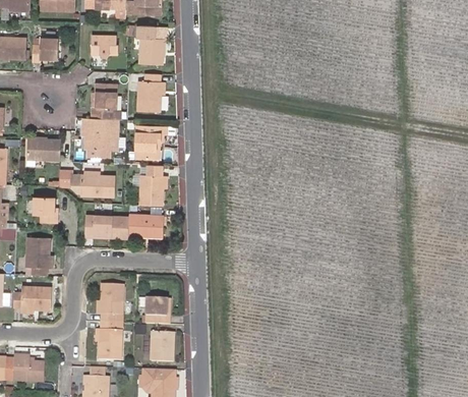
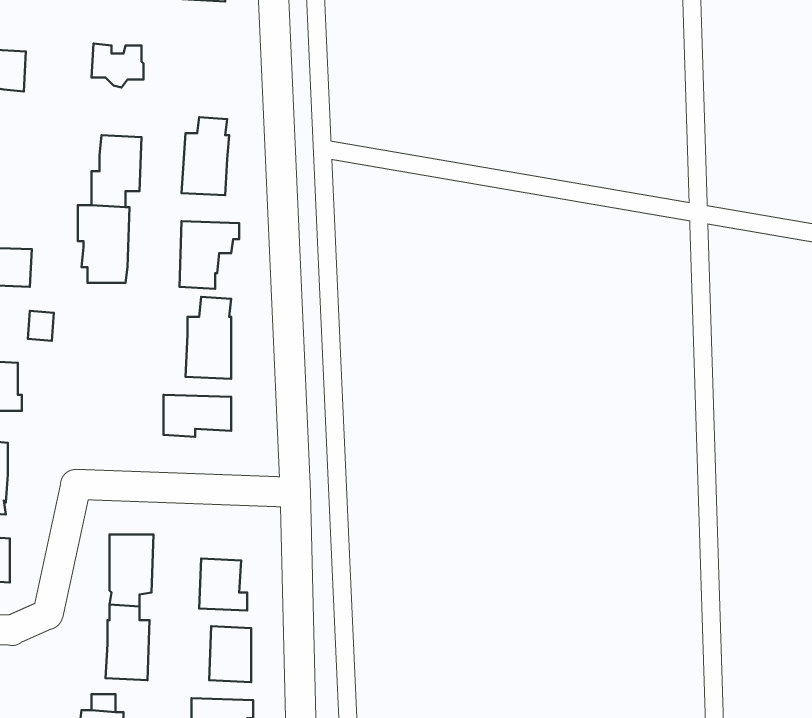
building: [139,25,163,64] -> none
building: [79,176,114,196] -> none
building: [84,215,128,238] -> none

